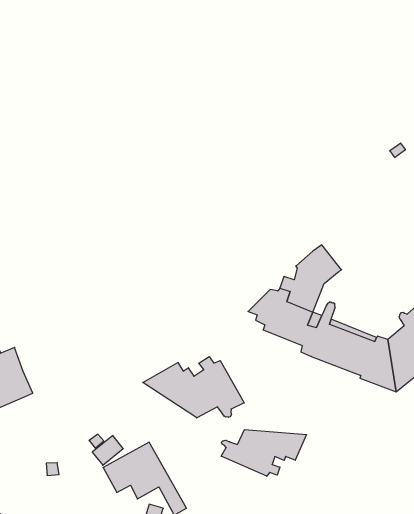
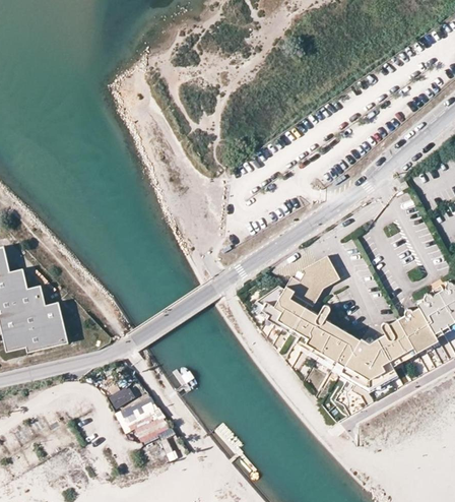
building: [143,357,244,418] -> none
building: [221,430,307,476] -> none

